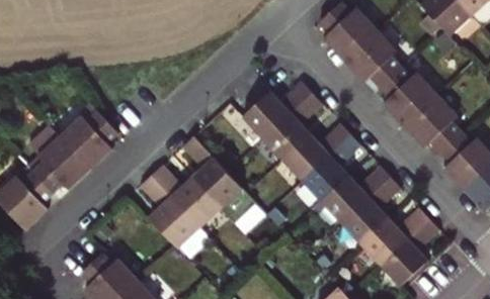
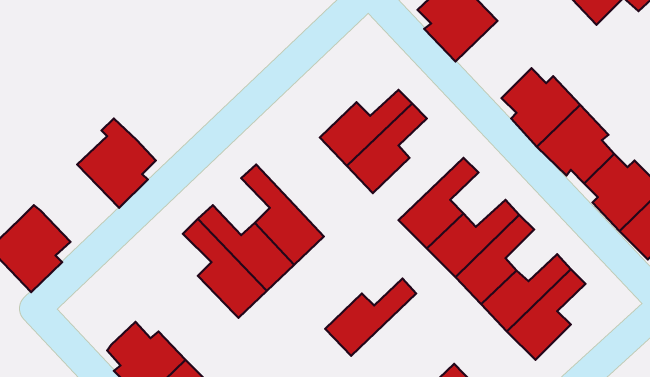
building: [341,31,398,89] -> none
building: [279,122,347,180] -> [325,278,416,356]
building: [26,127,90,196] -> none

